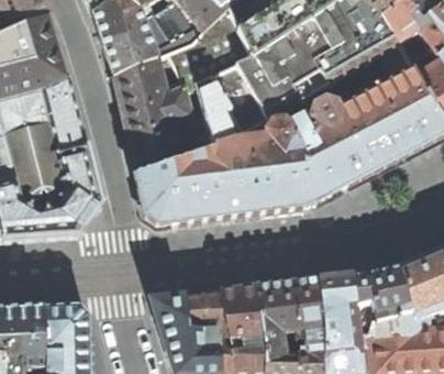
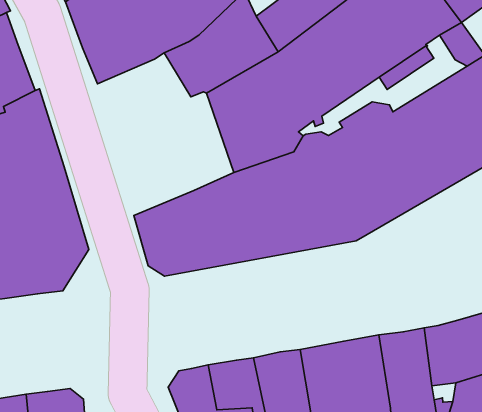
building: [113,54,214,174] -> none

